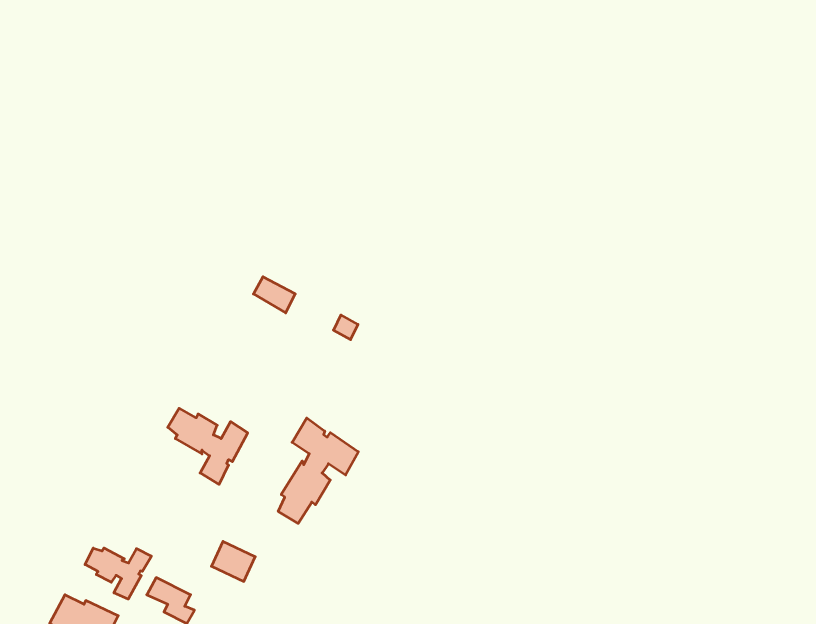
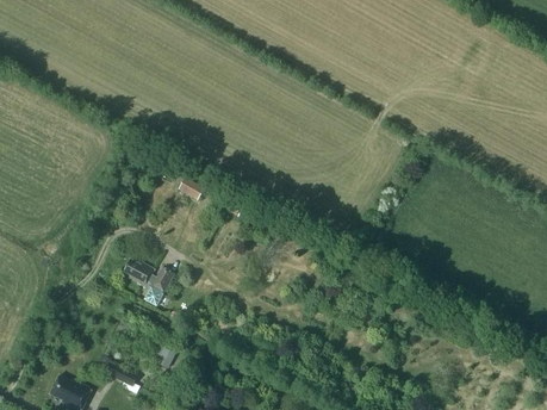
building: [278,418,358,523] -> none
building: [85,548,151,599] -> none

